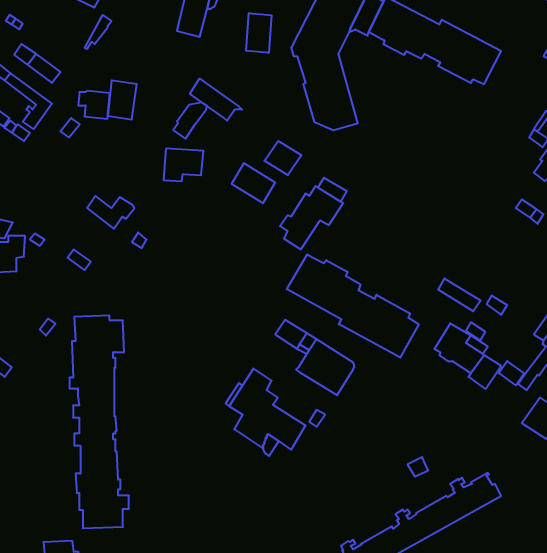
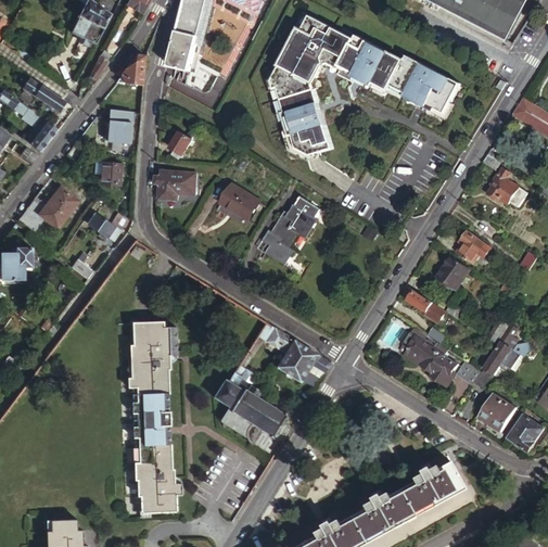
building: [246,13,271,53] -> none
building: none -> [114,54,143,85]
building: [190,79,242,121] -> none
building: [78,91,110,119] -> [93,161,122,186]
building: [264,141,301,175] -> none
building: none -> [37,189,76,229]
building: none -> [456,229,485,262]
building: none -> [441,255,470,289]
building: [287,254,419,358] -> none
building: [69,316,129,528] -> [127,323,180,513]

